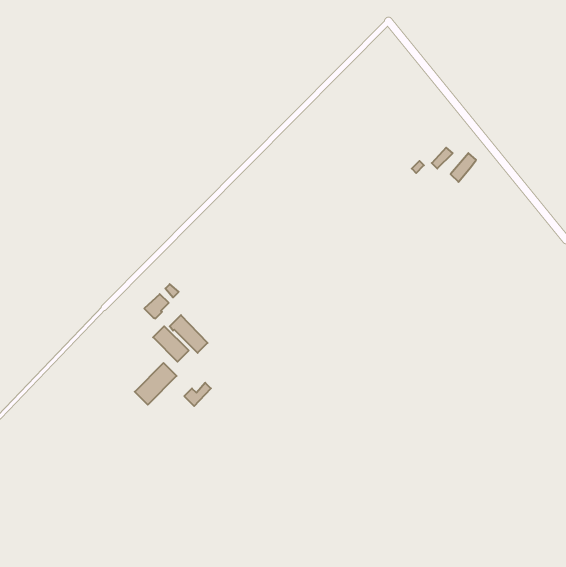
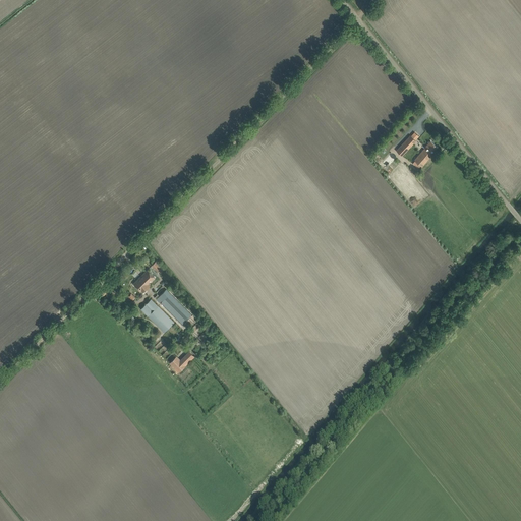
building: [135,363,177,405] -> none

